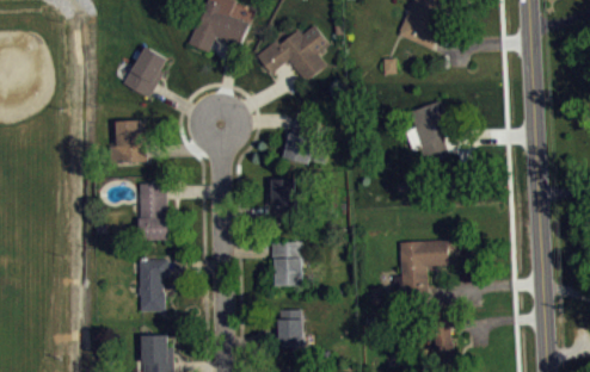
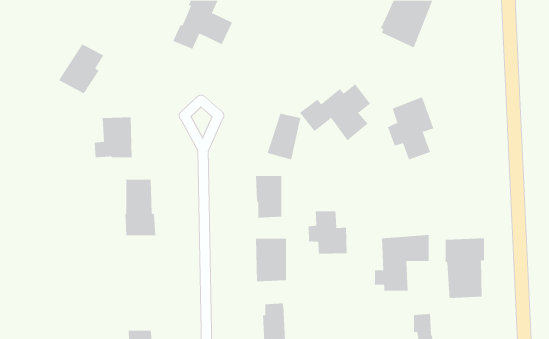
building: [256,24,328,82] -> [299,83,371,141]
building: [122,45,168,97] -> [58,44,104,94]
building: none -> [308,210,347,254]
building: none -> [445,237,484,299]
building: [139,259,170,310] -> none

